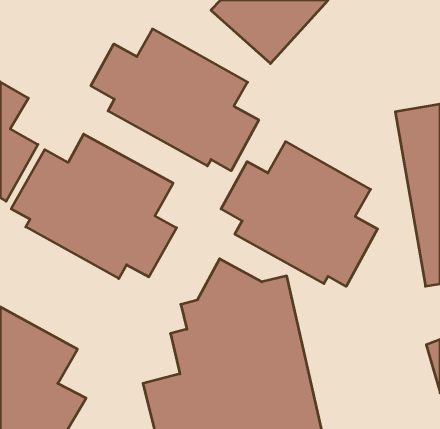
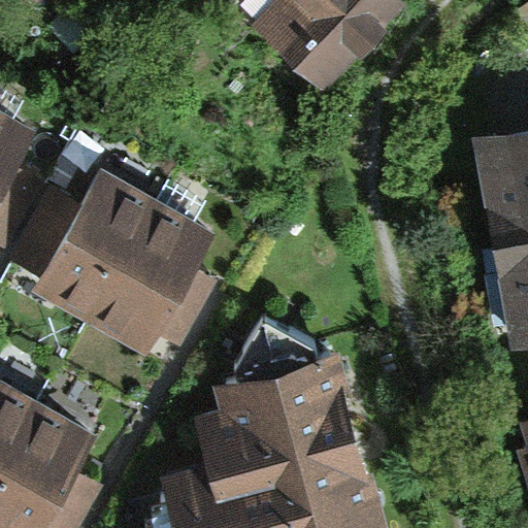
building: [91,29,259,171] -> none
building: [221,142,378,286] -> none

